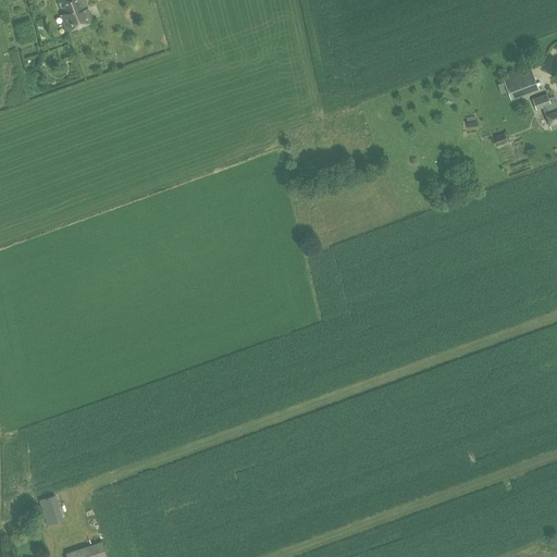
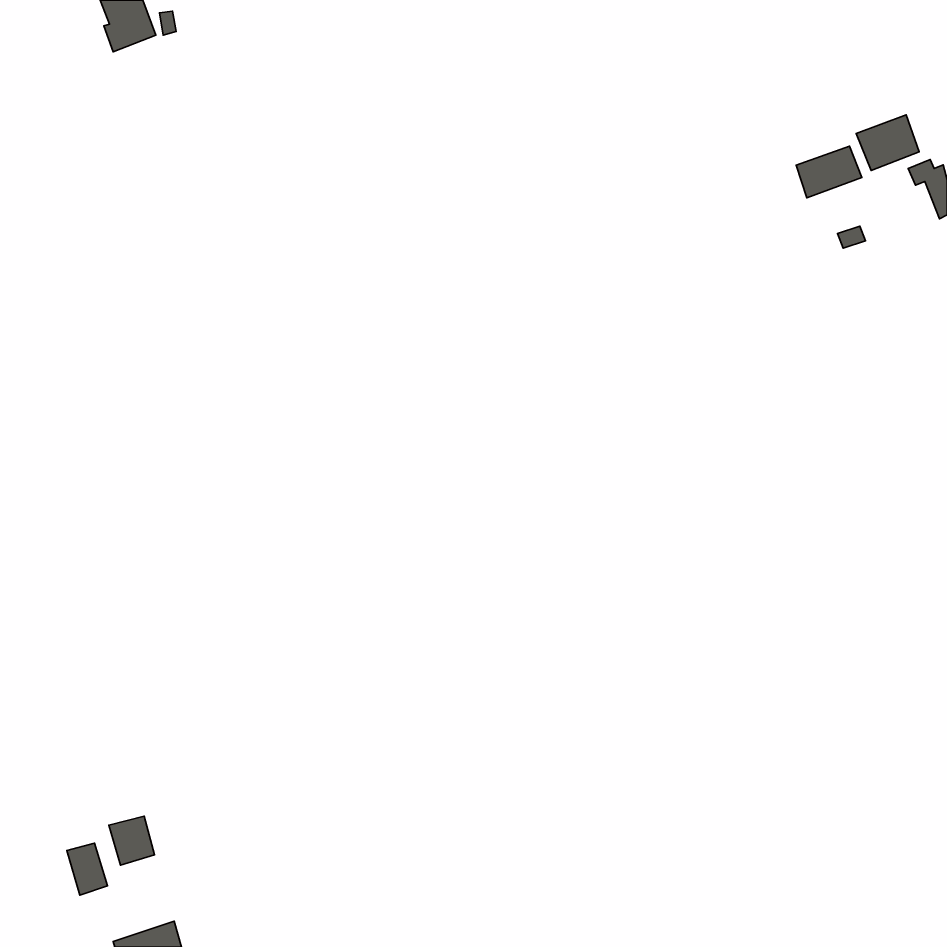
building: none -> [796,146,862,198]
building: none -> [109,816,155,865]

